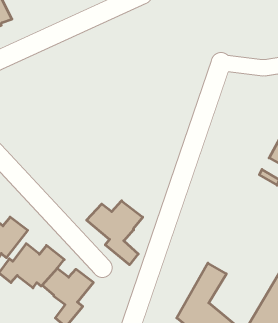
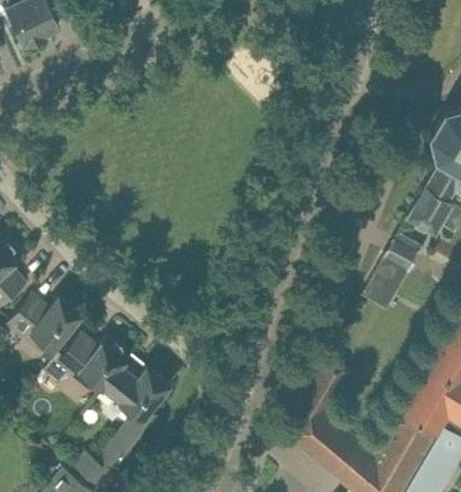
building: none -> [362,254,411,312]
building: [87,201,143,265] -> none

